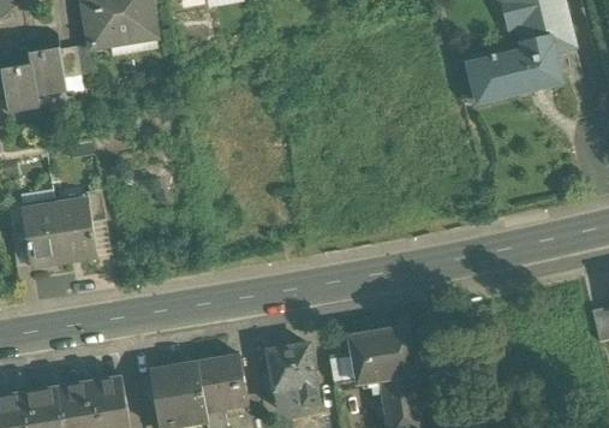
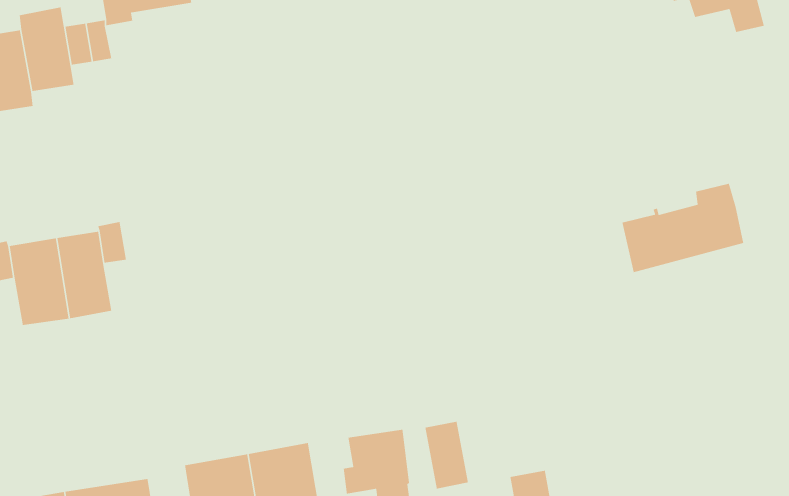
building: [468,35,559,101] -> [622,183,744,273]
building: [348,327,414,382] -> none

